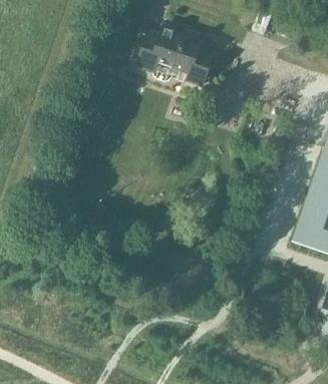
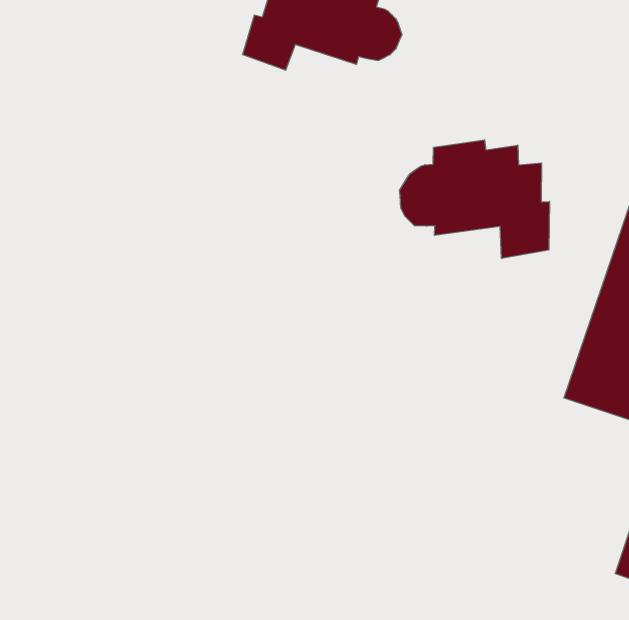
building: none -> [400,140,550,259]

